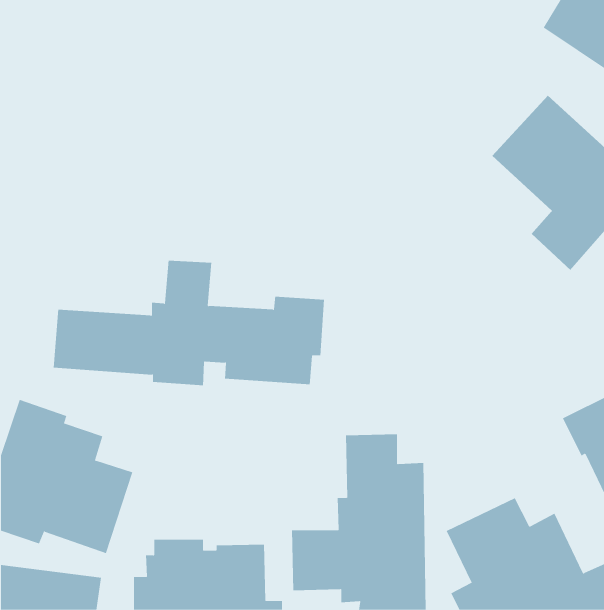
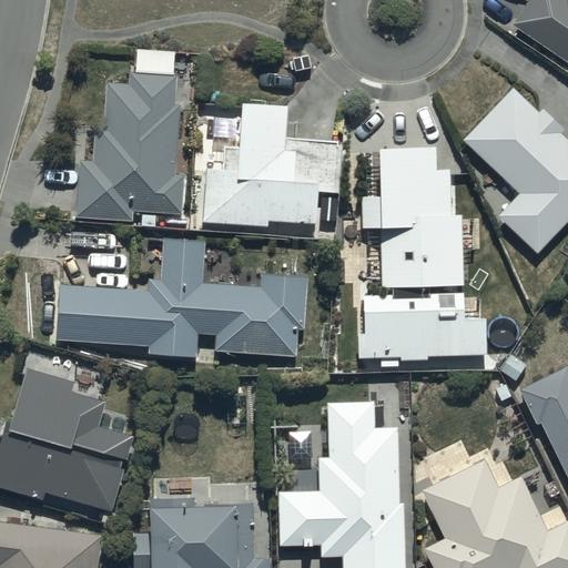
building: none -> [75,59,184,221]
building: none -> [203,103,342,227]
building: none -> [353,149,490,359]

